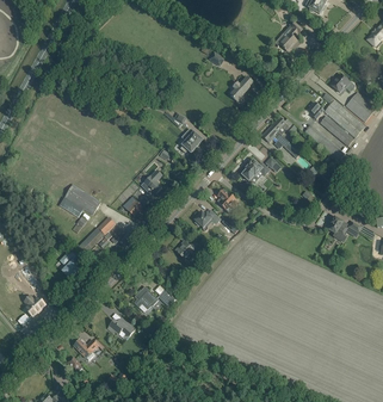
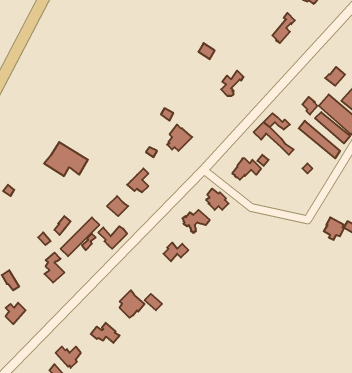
building: [58,184,100,216] -> [44,142,88,176]

